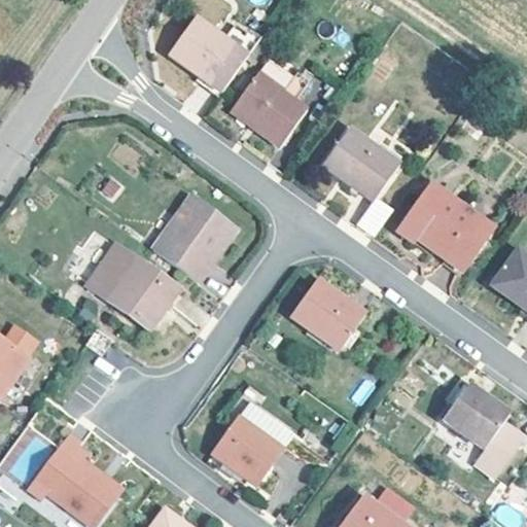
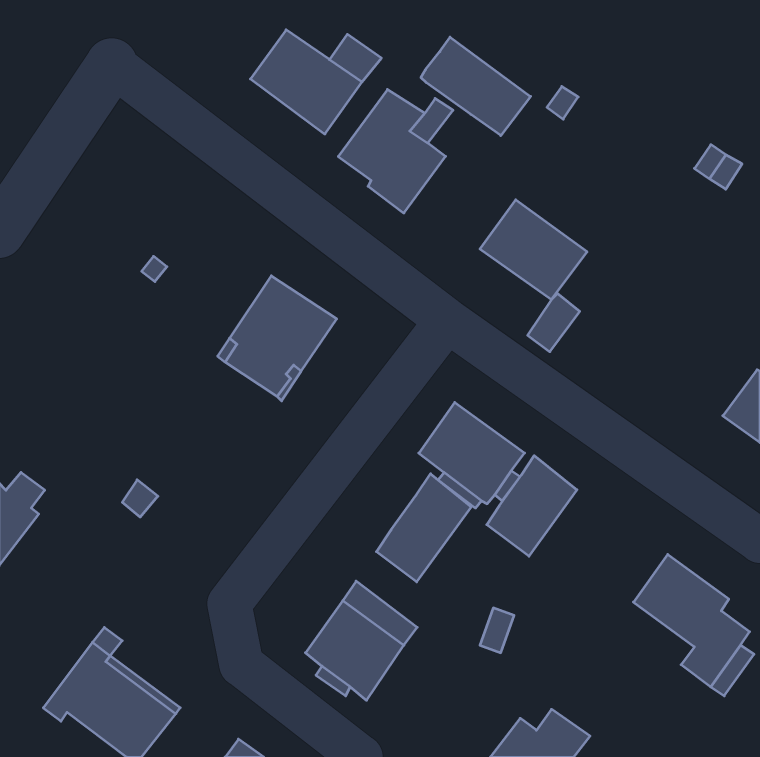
building: none -> [421,37,531,136]
building: [407,191,495,274] -> none
building: [85,241,177,325] -> none
building: none -> [487,456,577,556]
building: none -> [376,474,471,582]

